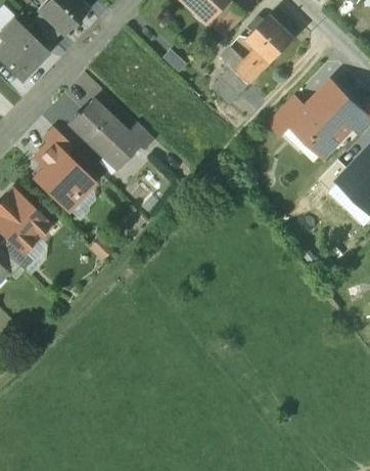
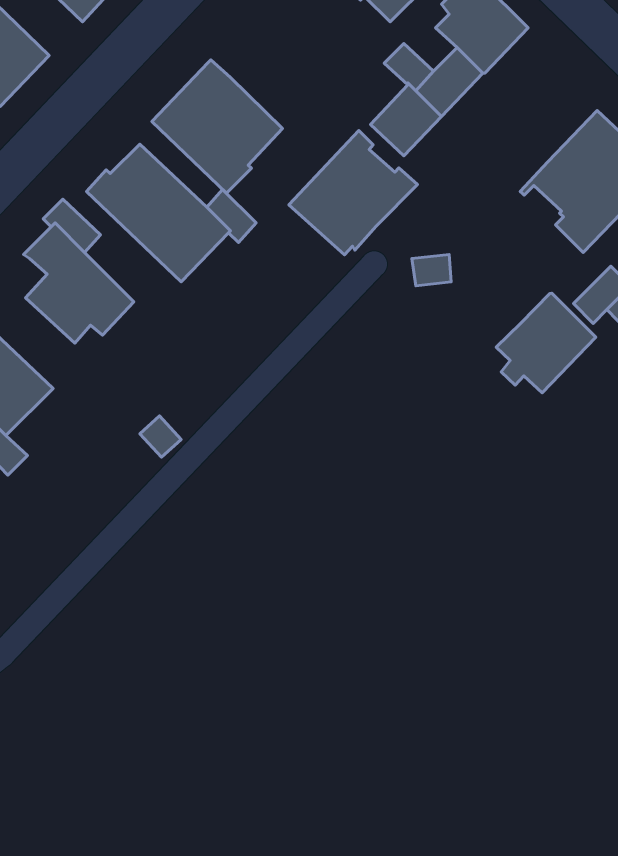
building: none -> [152,60,282,193]
building: none -> [289,130,417,255]
building: [269,95,306,133] -> none
building: none -> [496,293,596,393]

